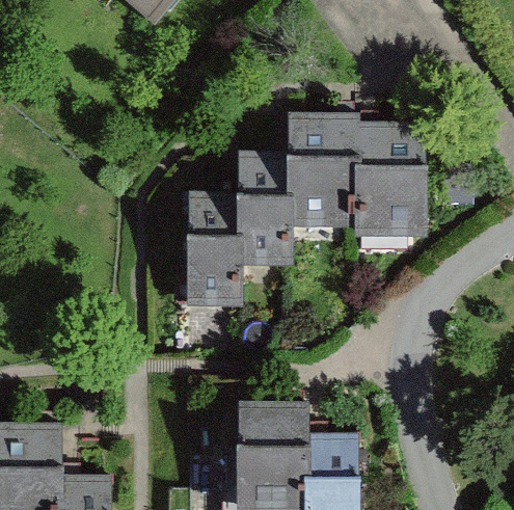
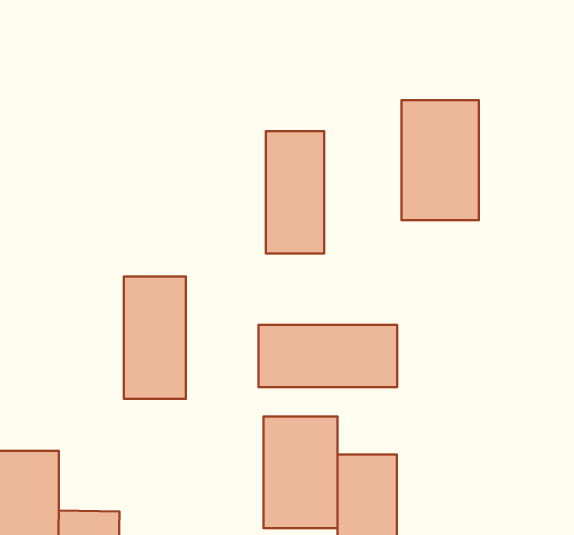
building: [291,118,359,222] -> none
building: [187,197,241,304] -> [124,276,186,399]
building: none -> [258,325,397,387]

